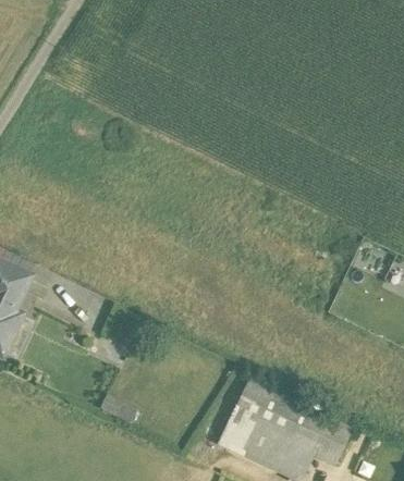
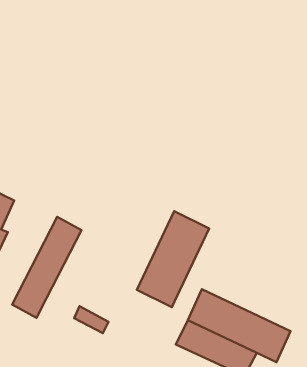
building: none -> [137,211,209,307]
building: none -> [12,217,82,318]

